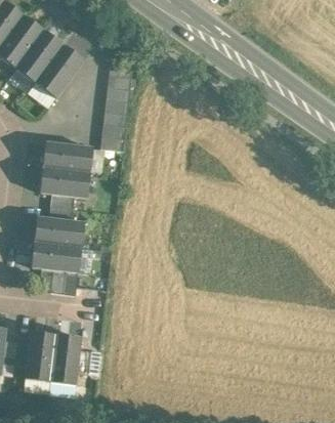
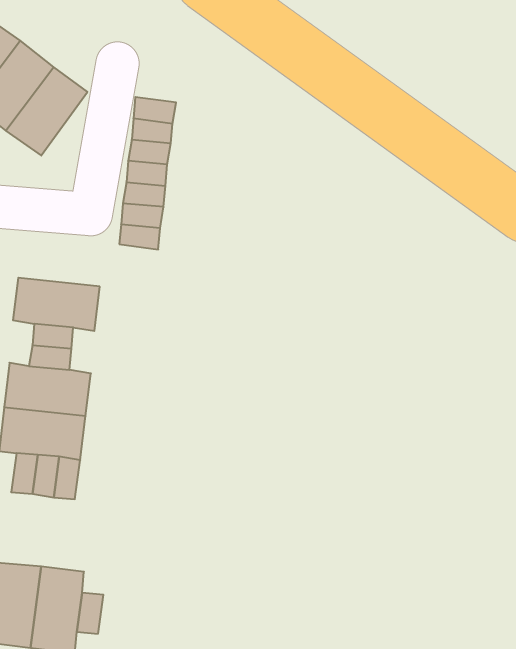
building: [42,141,92,172] -> none

